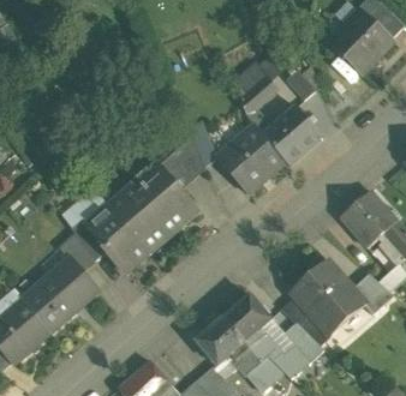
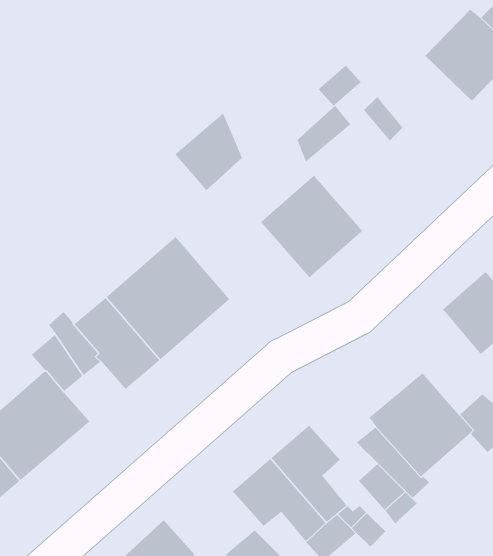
building: [262,106,322,166] -> none
building: [157,137,204,191] -> [175,112,243,191]

